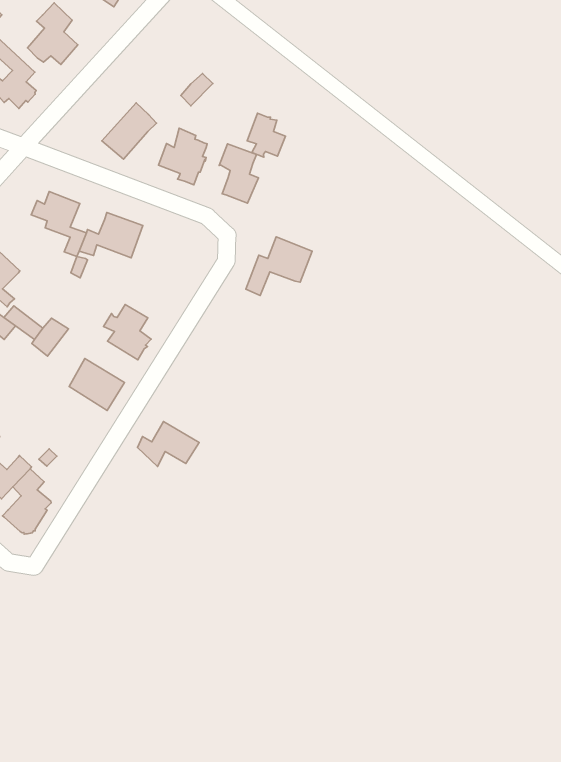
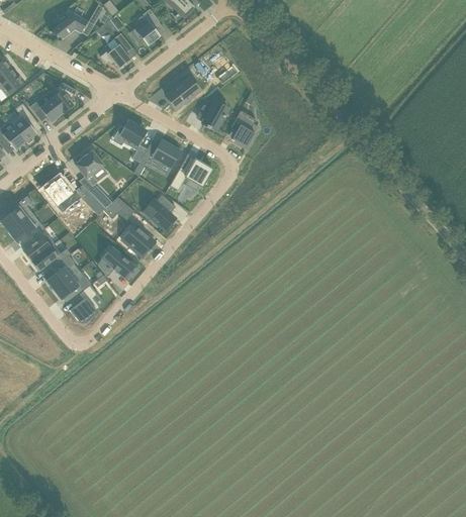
building: [247,113,285,157] -> none
building: [246,237,312,295] -> [169,158,212,191]
building: [137,421,199,466] -> [97,250,134,278]

